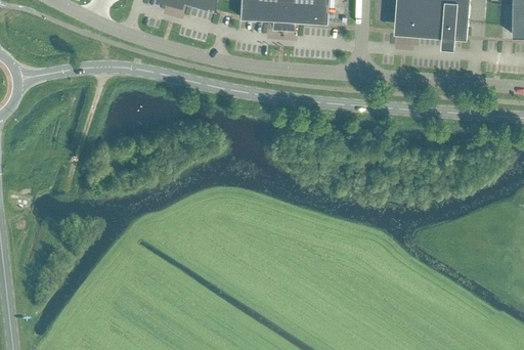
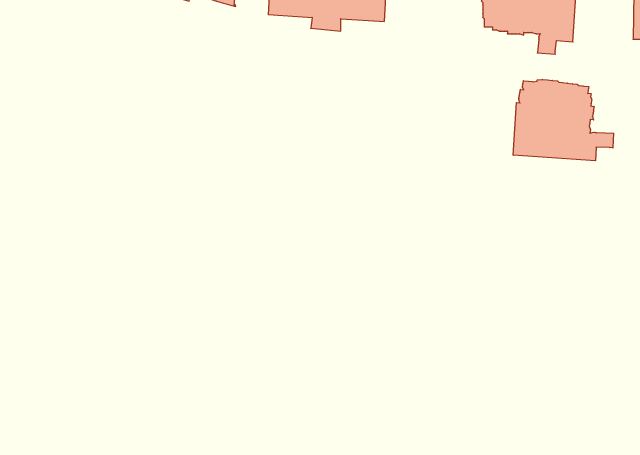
building: none -> [513,79,614,161]

